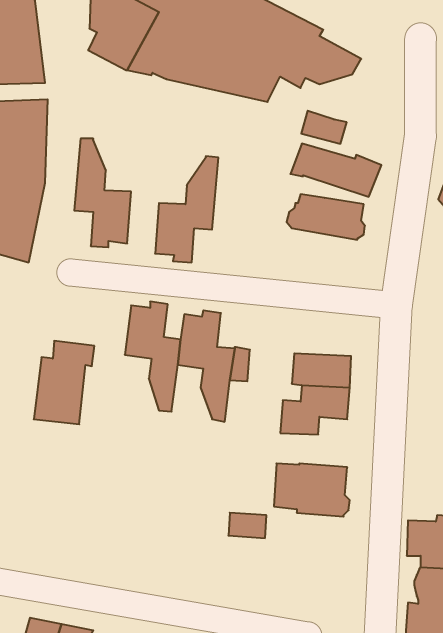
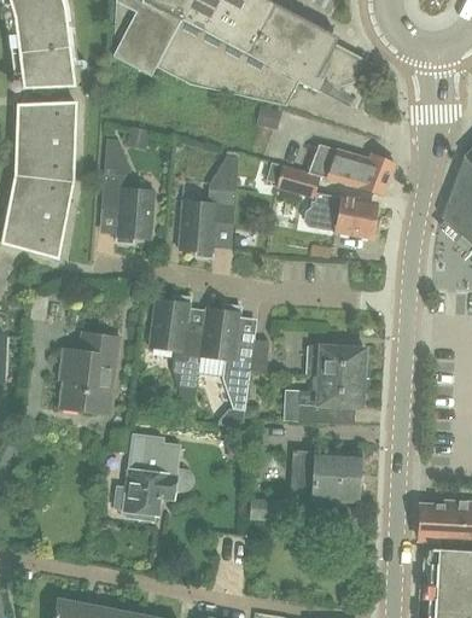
building: [301,111,347,144] -> [276,165,320,197]
building: none -> [115,442,194,520]

